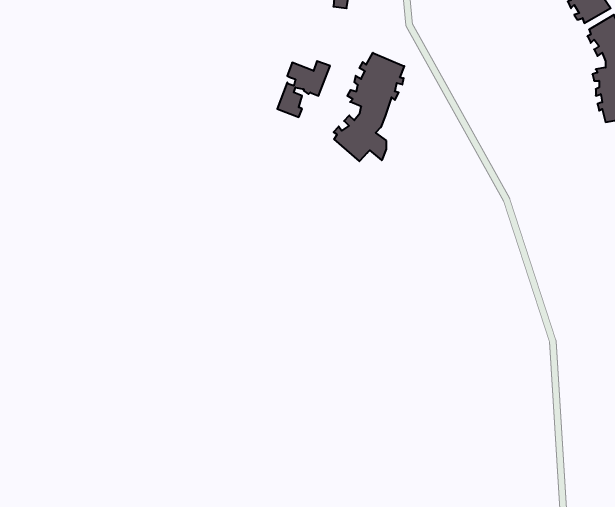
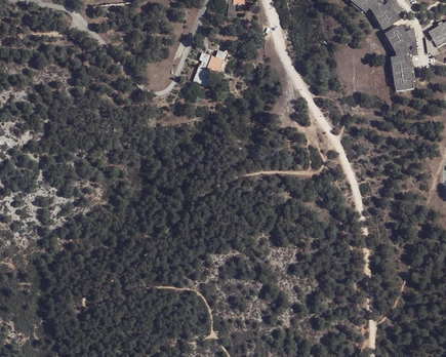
building: [334,53,404,161] -> none

